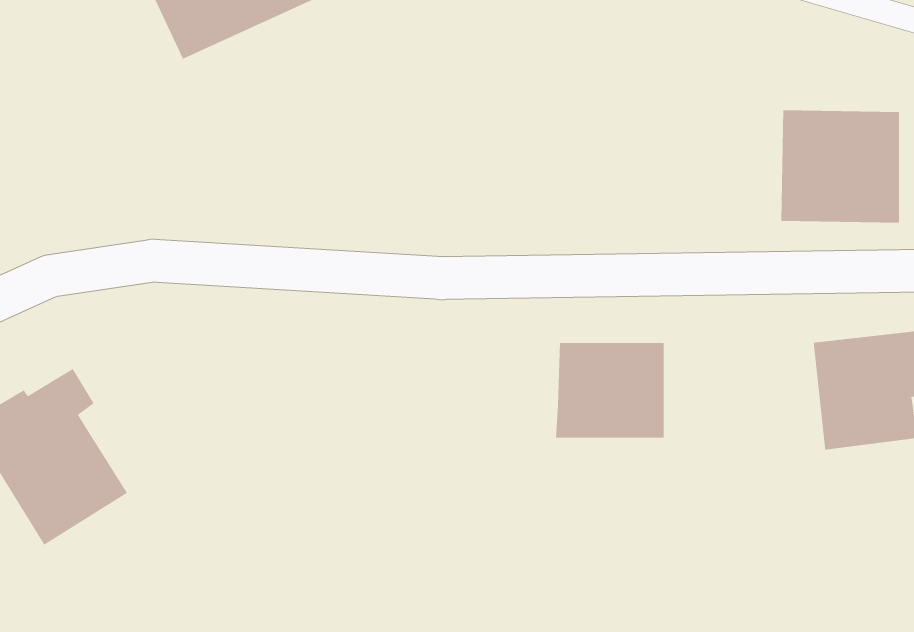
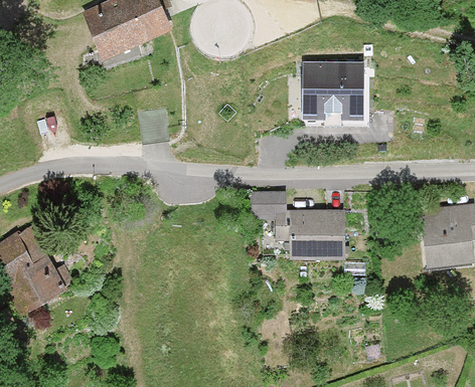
building: [781,110,900,223] -> [303,60,364,119]
building: none -> [250,200,291,240]

